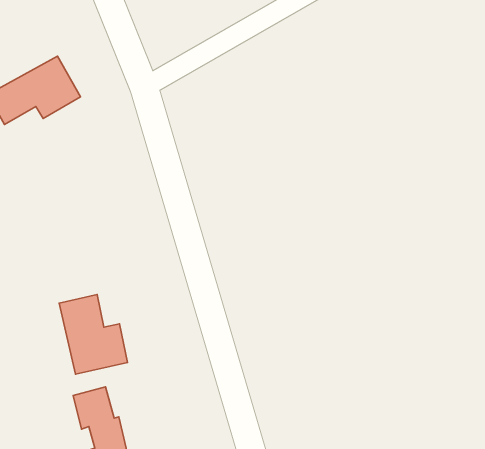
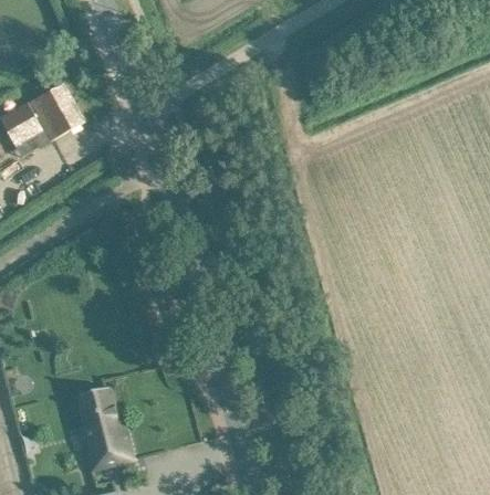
building: [59,295,127,374] -> none

